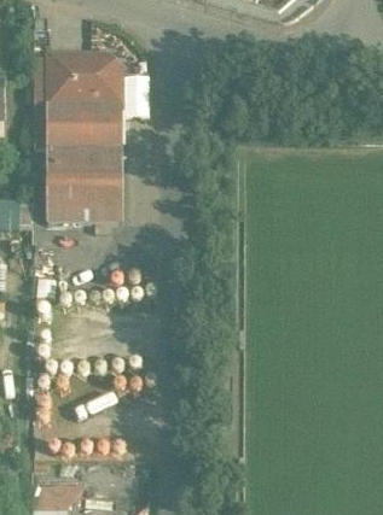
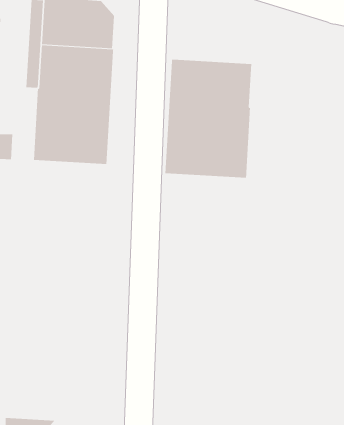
building: none -> [165,59,252,179]

